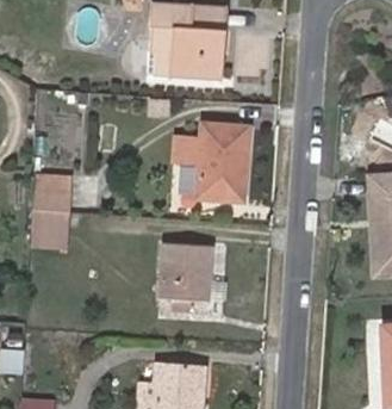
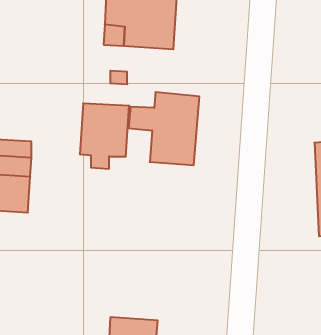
building: [160,243,212,312] -> [80,103,129,169]

